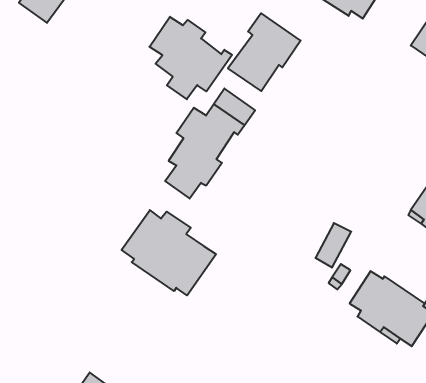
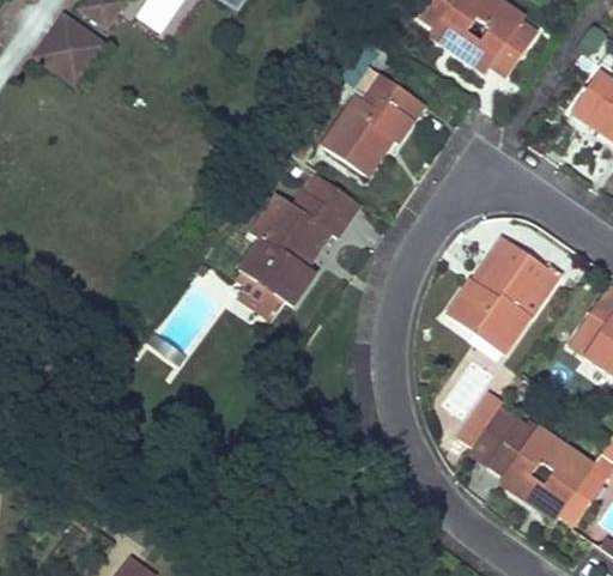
building: [149,17,232,99] -> none
building: none -> [448,237,563,352]
building: [122,210,216,295] -> none

